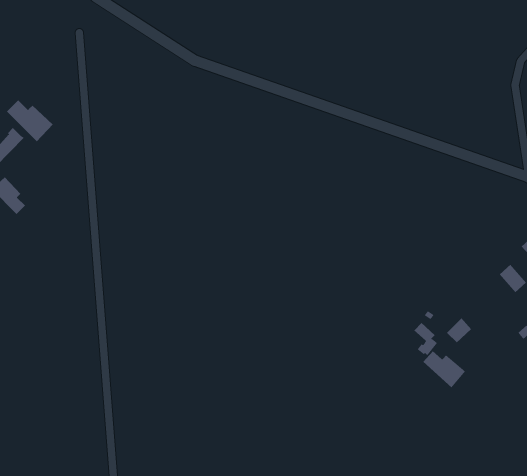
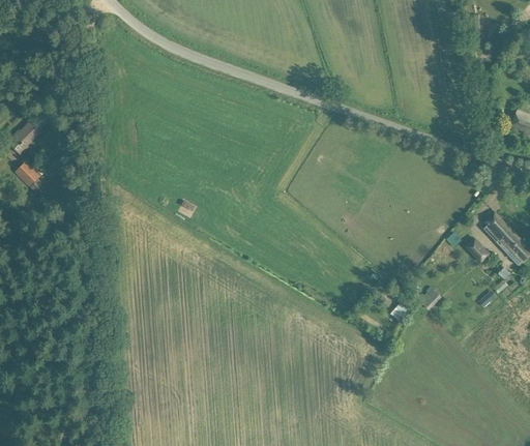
building: [6,100,53,142] -> none
building: [423,350,466,388] -> none

